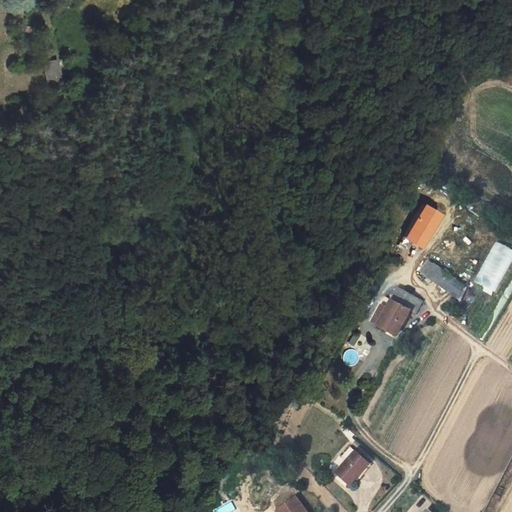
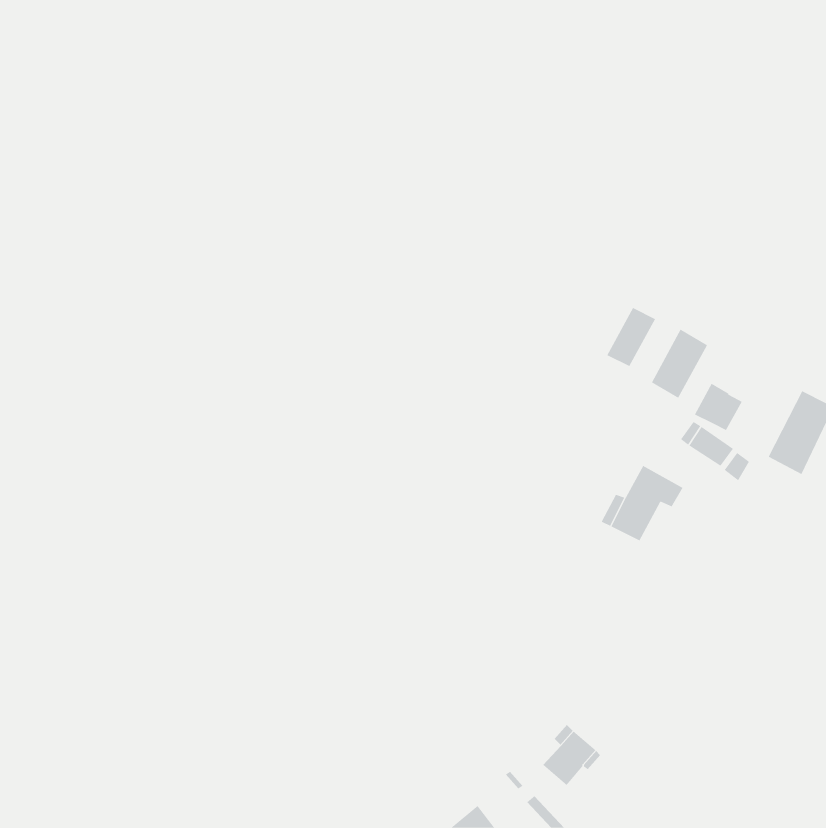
building: none -> [607,307,656,367]
building: none -> [694,383,742,431]

